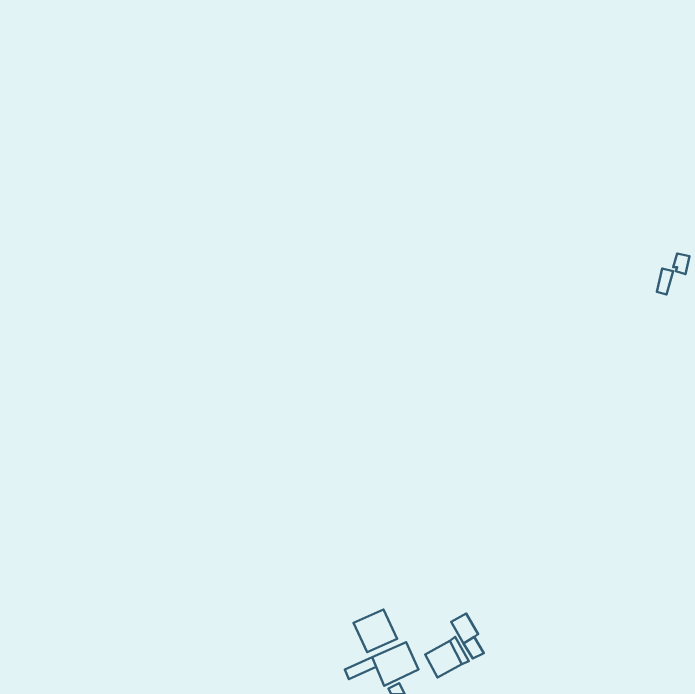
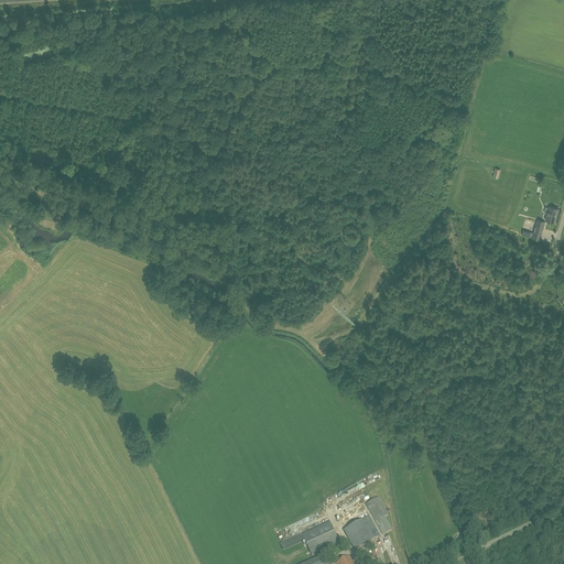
building: [354,610,397,652] -> none

